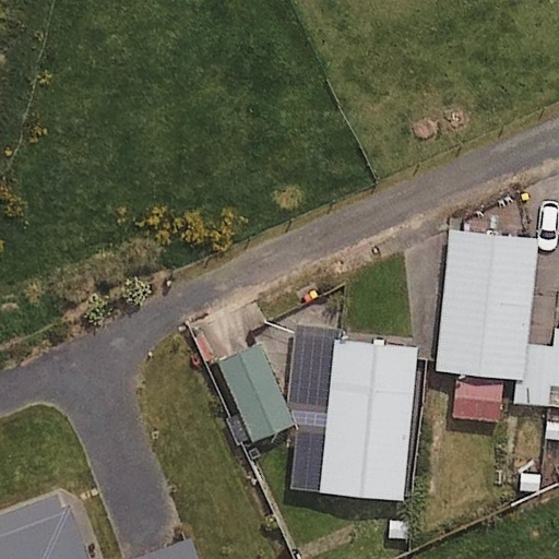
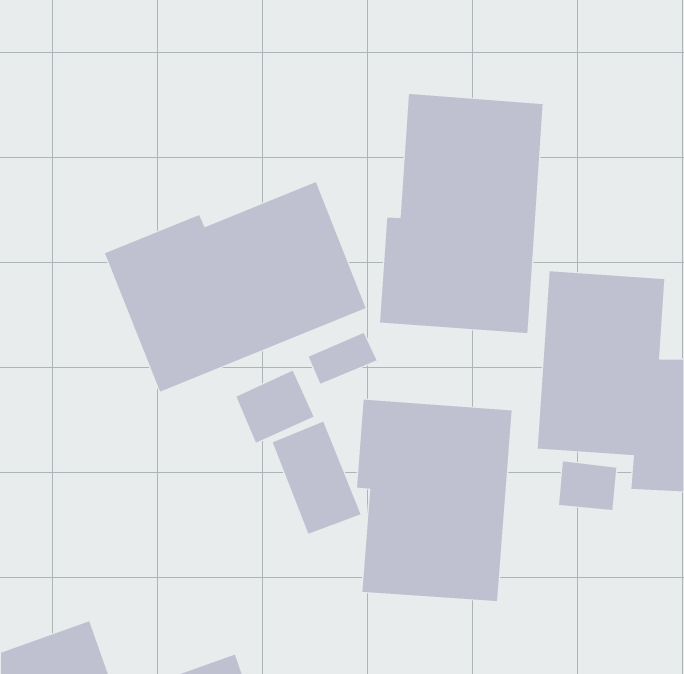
building: none -> [380,93,543,334]
building: none -> [104,181,367,393]

